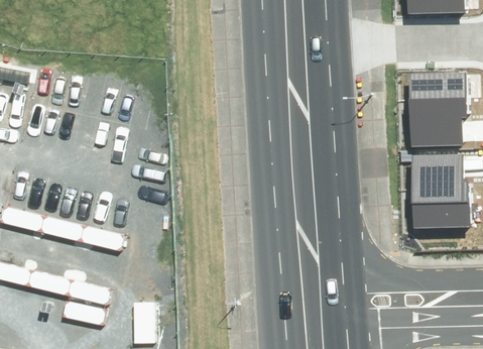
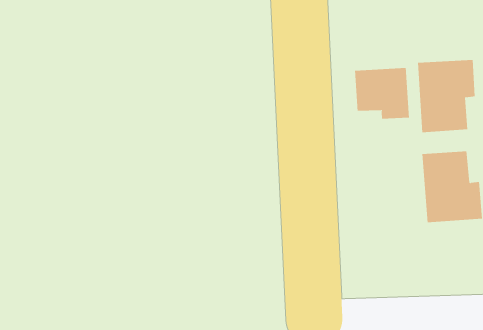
building: none -> [354,67,409,119]

